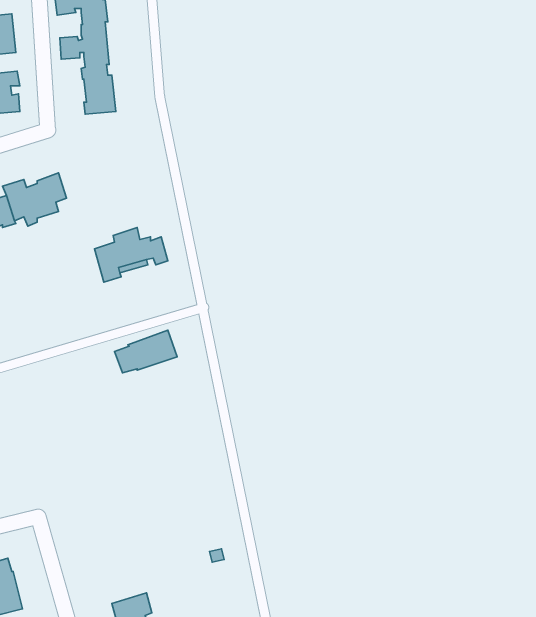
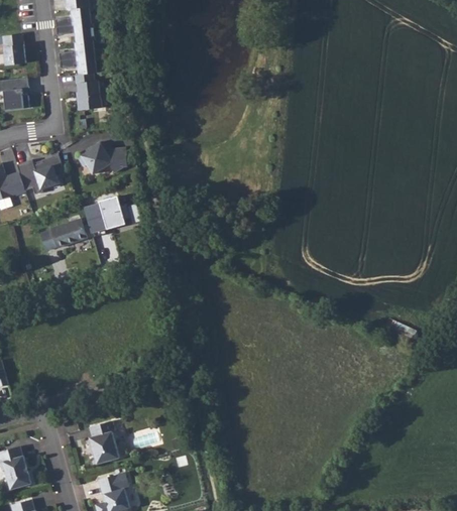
building: none -> [78,142,127,174]
building: [115,330,177,373] -> [39,218,87,250]
building: none -> [89,420,119,464]

